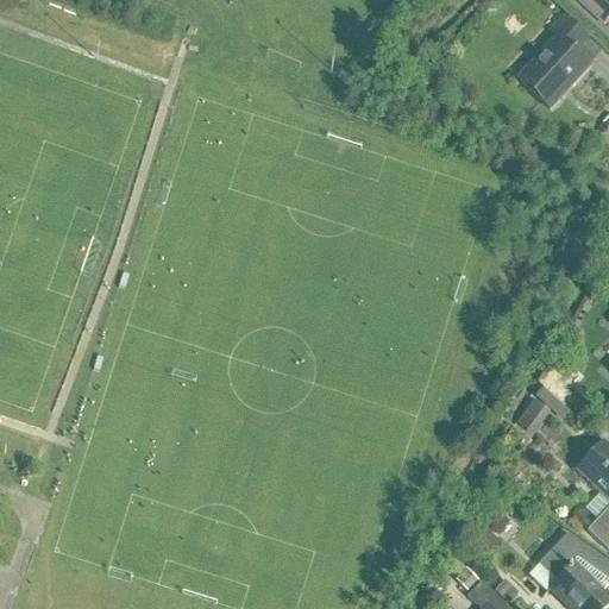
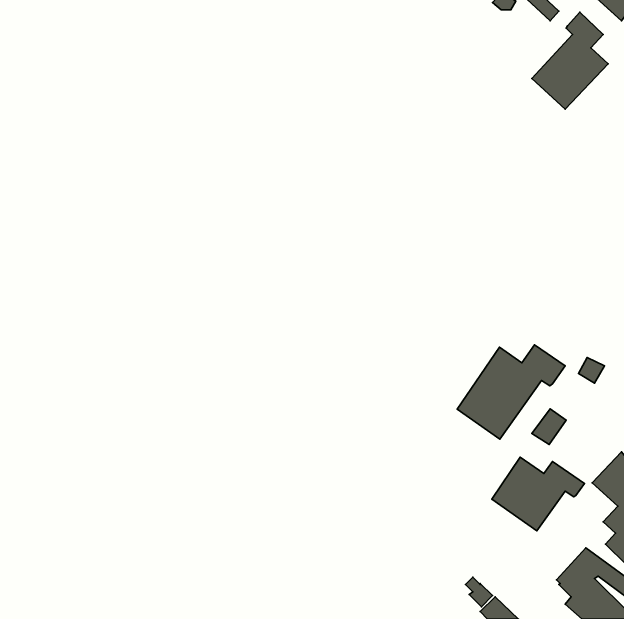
building: none -> [457,345,565,439]
building: none -> [492,457,585,531]

